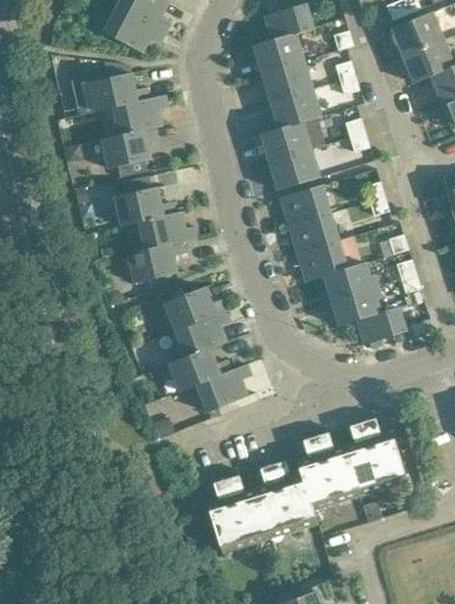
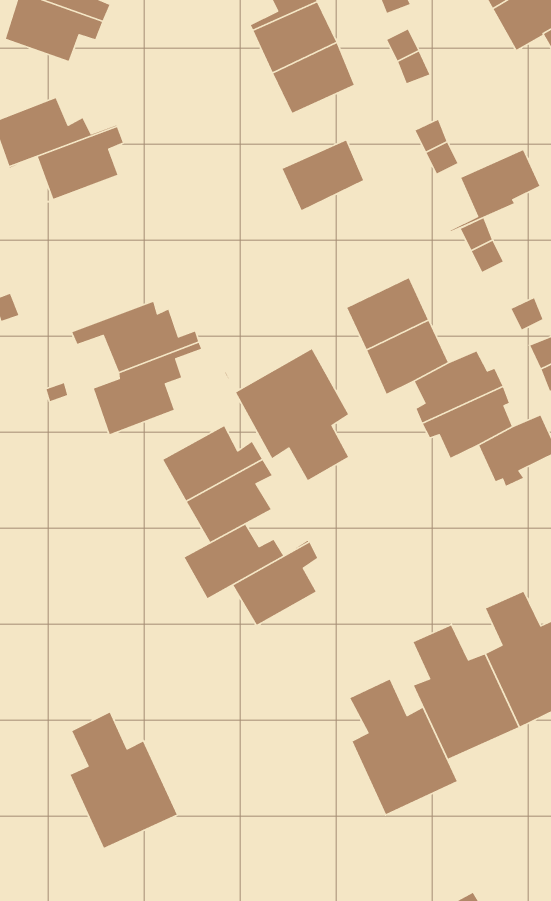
building: [262,90,321,134] -> [450,149,540,232]
building: [102,125,162,177] -> none
building: [270,149,319,190] -> none
building: [113,175,173,216] -> none
building: [281,184,330,225] -> none
building: none -> [224,348,349,481]
building: [208,468,270,551] -> [69,712,178,849]

